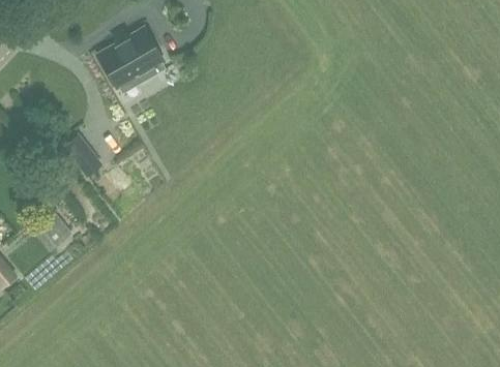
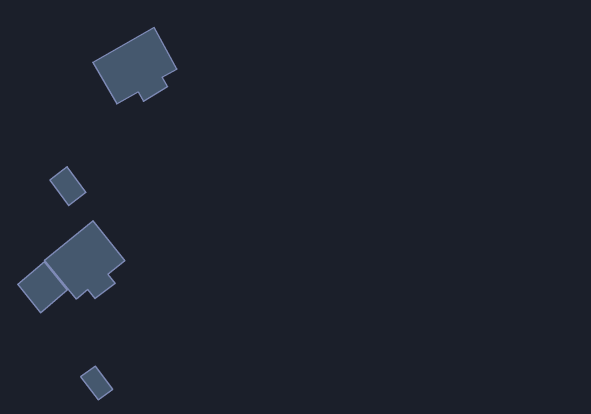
building: none -> [44,221,125,299]

